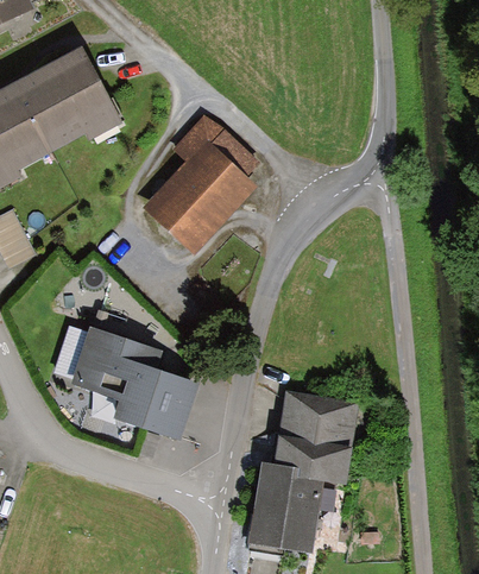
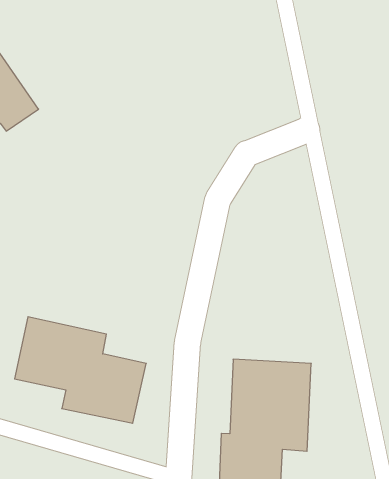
building: [144,116,254,253] -> none

